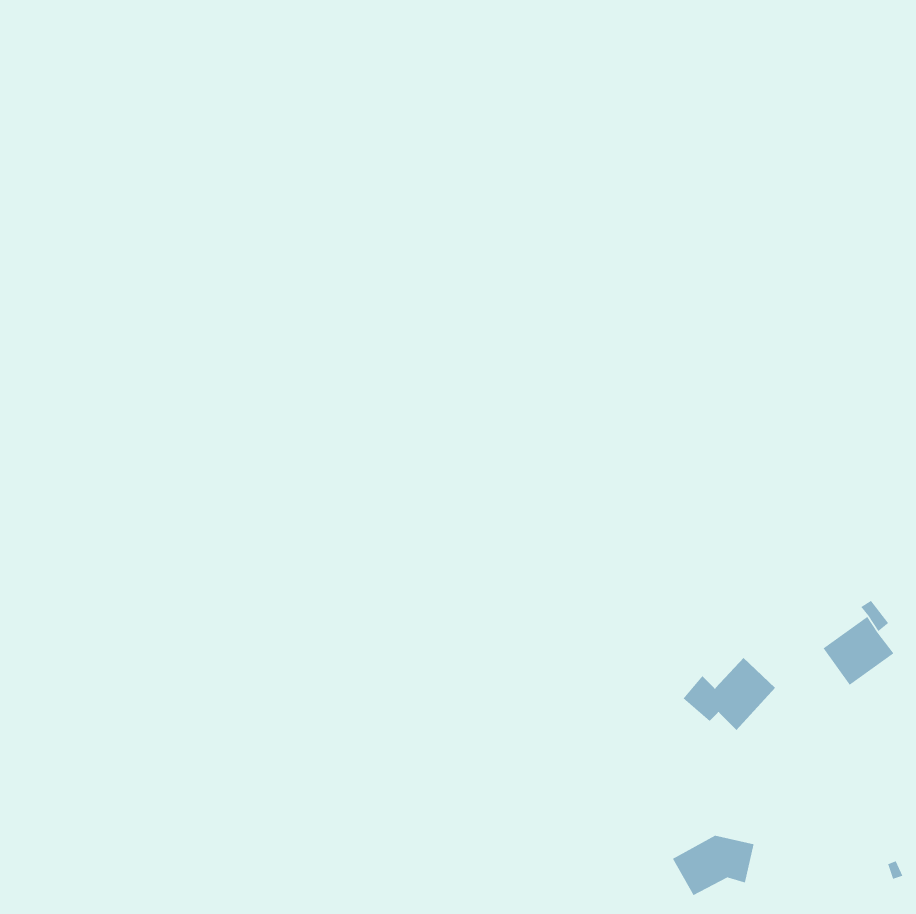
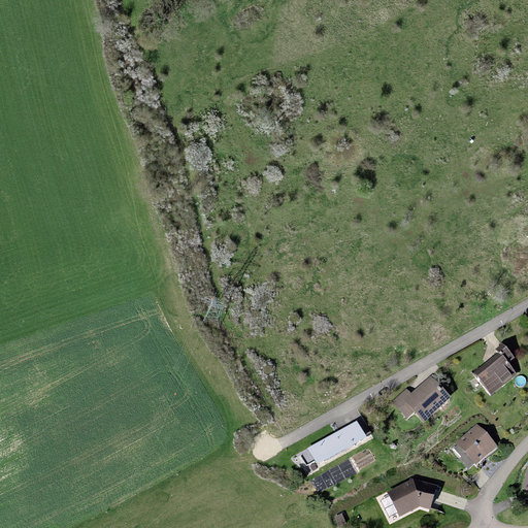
building: none -> [308,422,369,467]
building: none -> [458,426,495,463]

